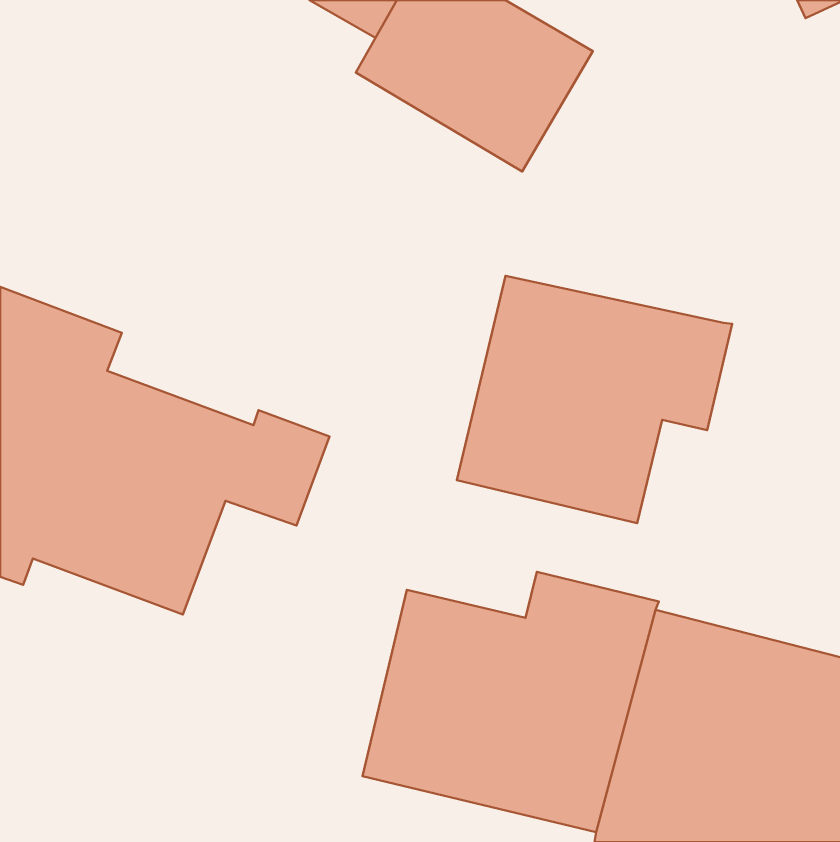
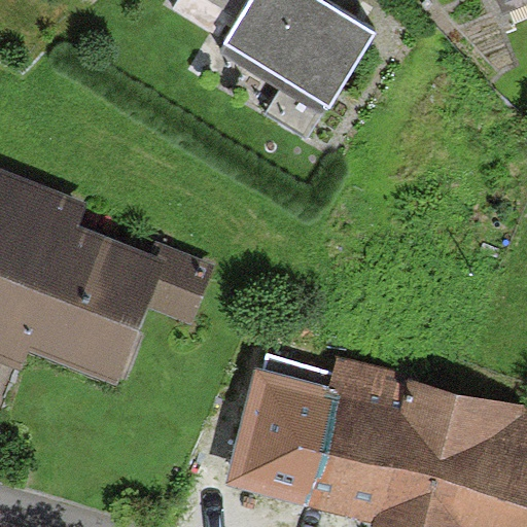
building: [457,276,732,523] -> none

